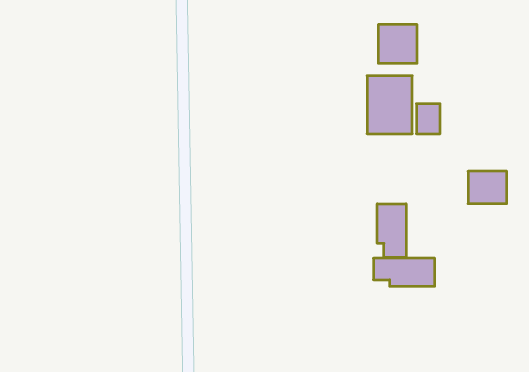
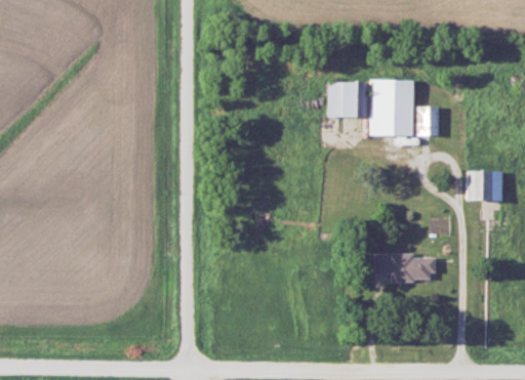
building: [378,25,417,63] -> [329,81,366,118]
building: [377,204,406,258] -> none

